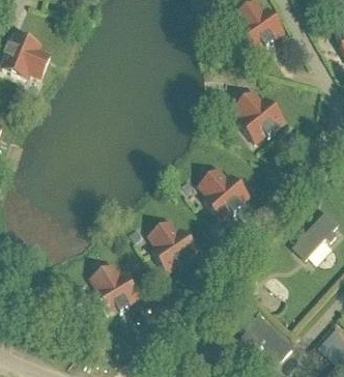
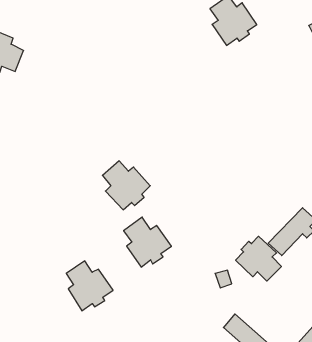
building: [233,91,282,140] -> none
building: [199,169,247,218] -> [102,161,150,210]
building: none -> [236,236,281,281]

